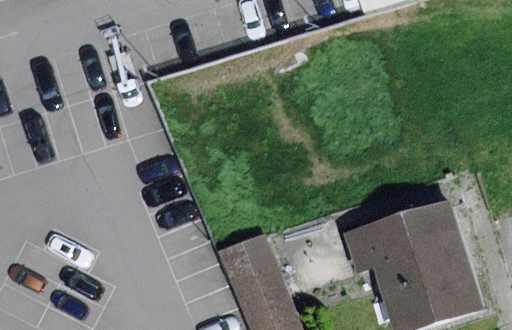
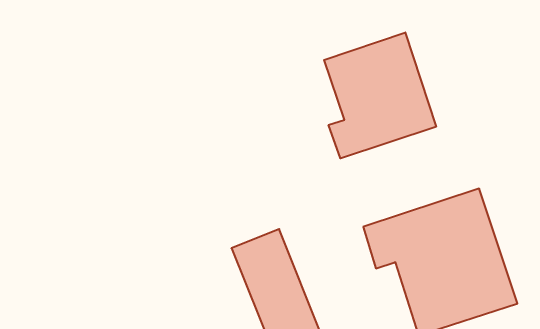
building: none -> [324,32,436,158]

